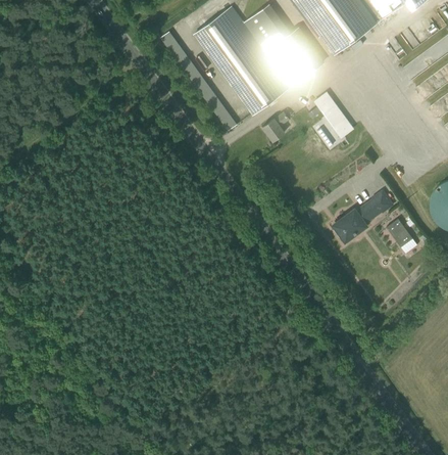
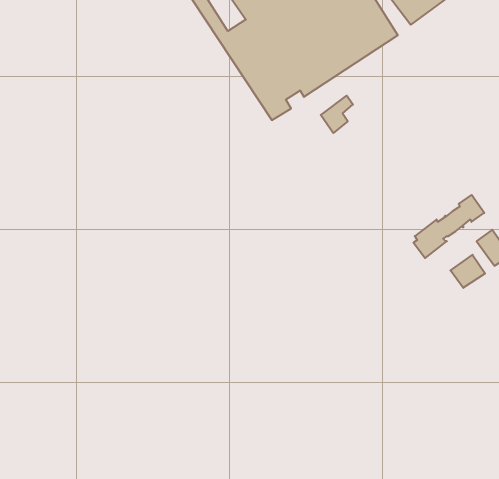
building: [316,92,349,131] -> none
building: none -> [450,255,485,288]

